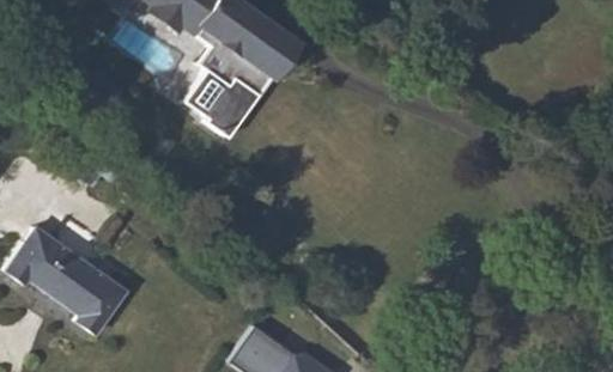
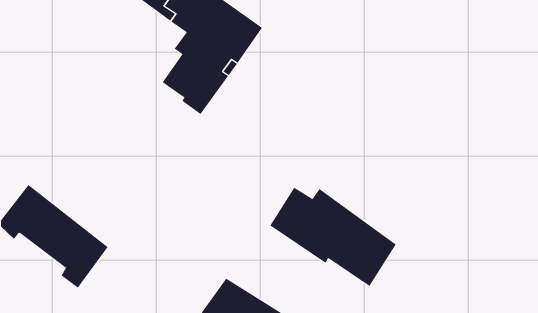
building: none -> [270,187,397,287]

